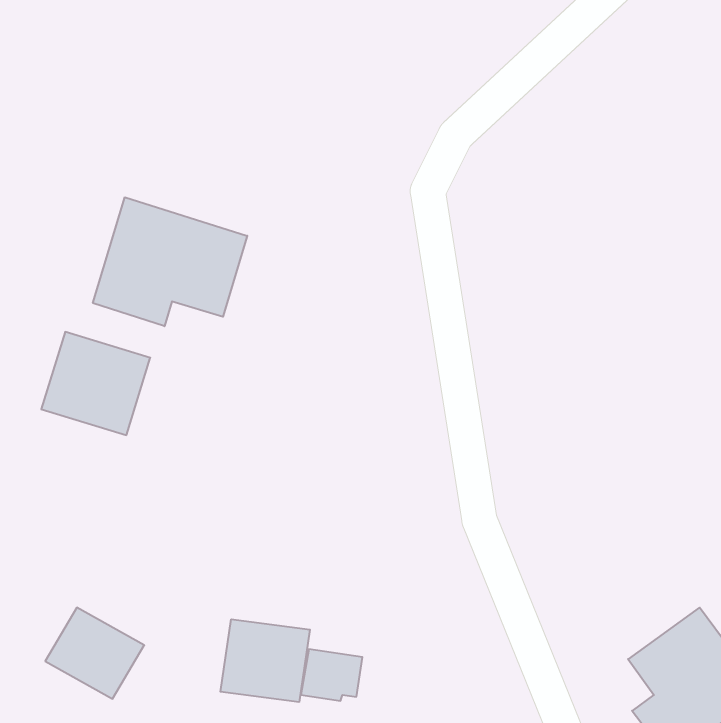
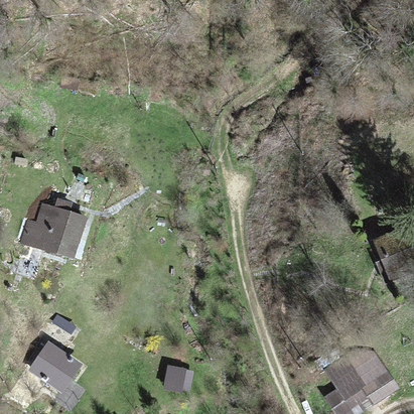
building: [93,197,247,326] -> none
building: [220,619,310,702] -> none

